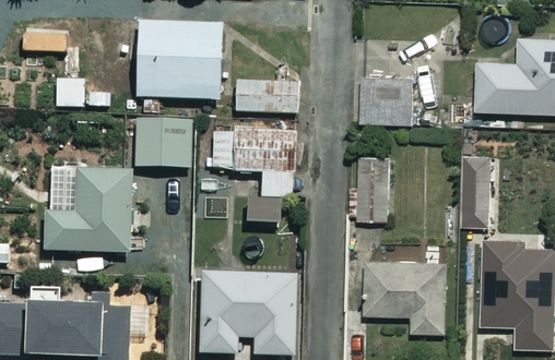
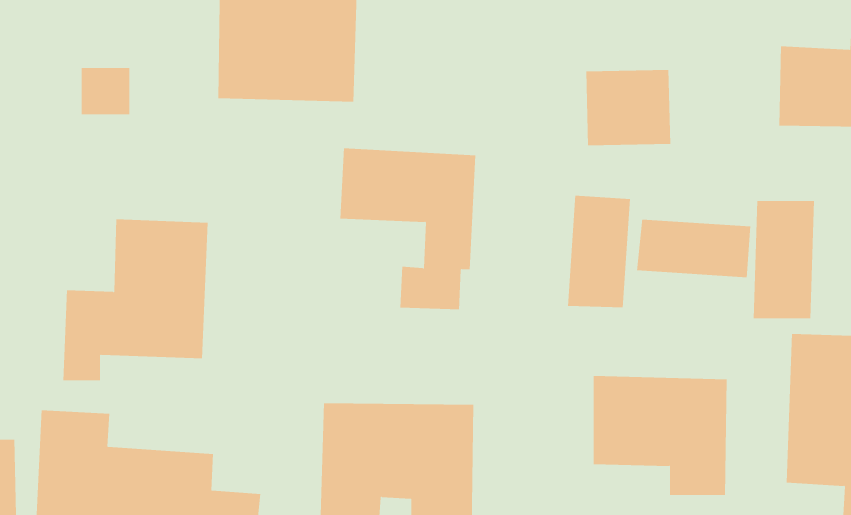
building: [236,79,298,110] -> none
building: [137,117,196,165] -> none
building: none -> [636,219,751,278]

